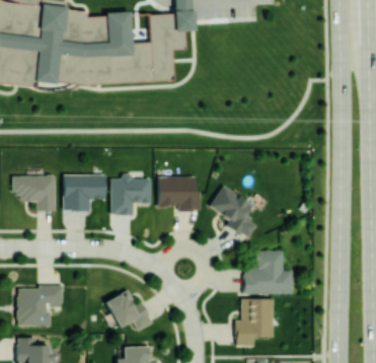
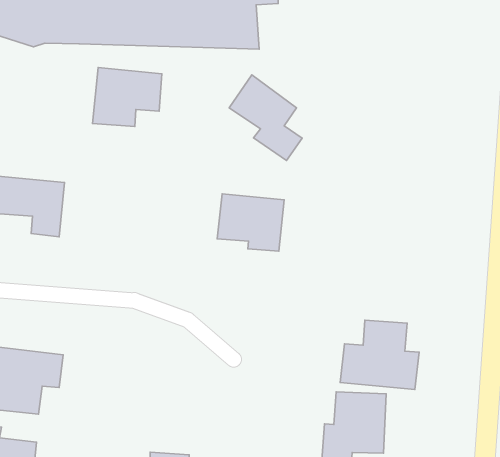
building: [63,173,105,210] -> [93,68,162,127]
building: [110,173,151,214] -> none
building: [209,185,257,238] -> [229,75,302,160]
building: [105,289,153,330] -> none

